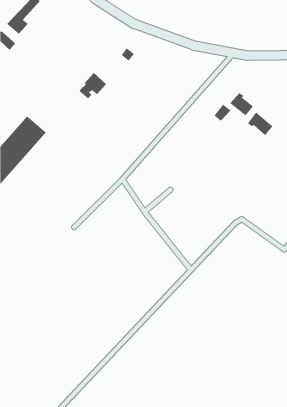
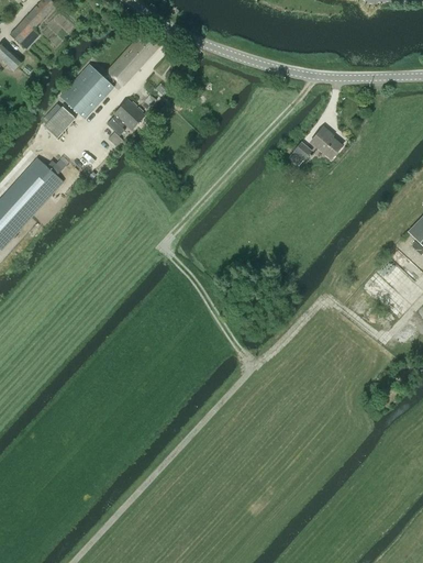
building: none -> [59,32,158,119]
building: none -> [44,106,76,139]
building: [248,112,273,136] -> none

